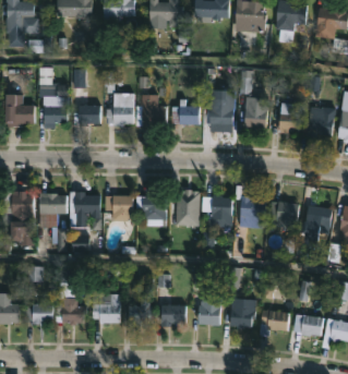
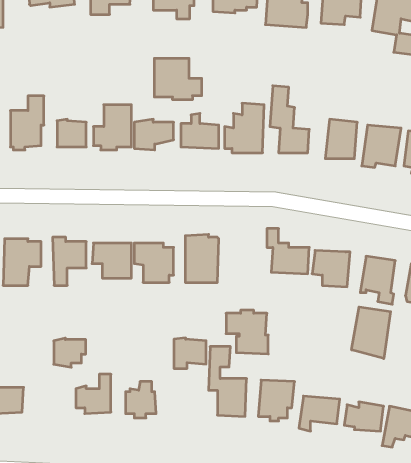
building: none -> [154,58,202,100]
building: [202,194,233,227] -> [226,310,268,354]
building: none -> [352,307,391,359]
building: [62,303,86,325] -> [54,338,86,367]
building: [161,303,185,326] -> [174,338,206,368]

